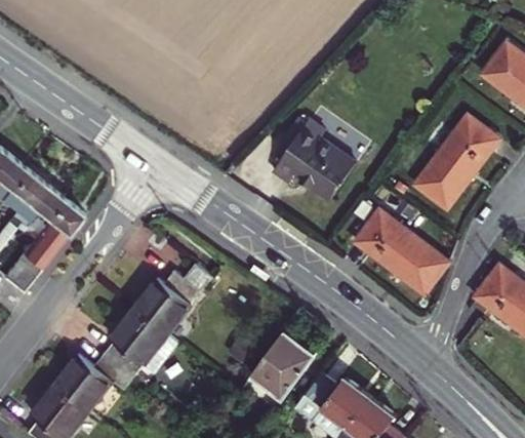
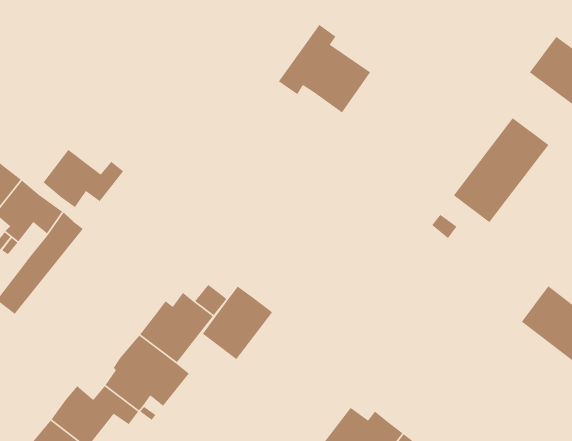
building: [272,120,355,200] -> [278,24,371,114]
building: none -> [42,149,124,208]
building: [354,209,448,295] -> none
building: [251,331,315,398] -> [202,286,273,360]

